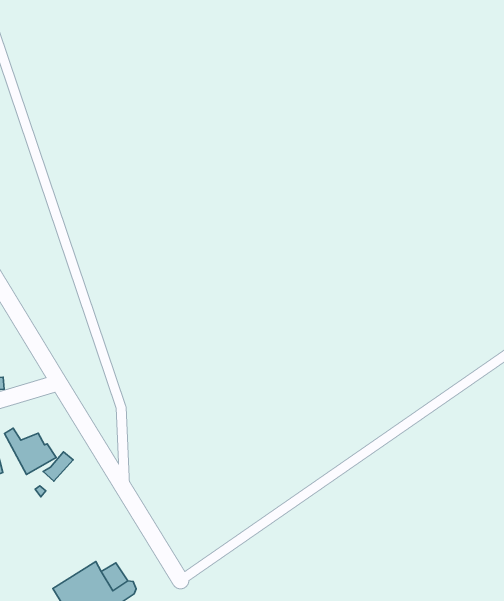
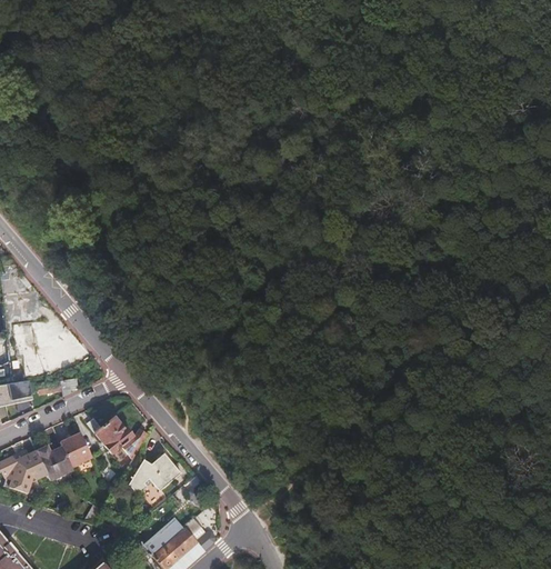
building: none -> [126,452,179,493]

